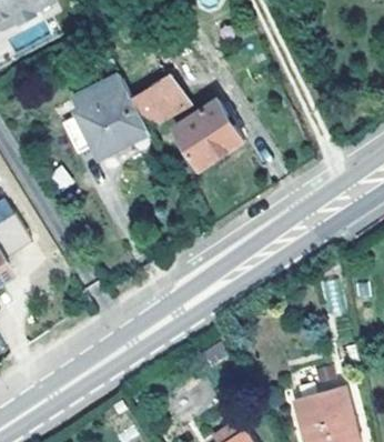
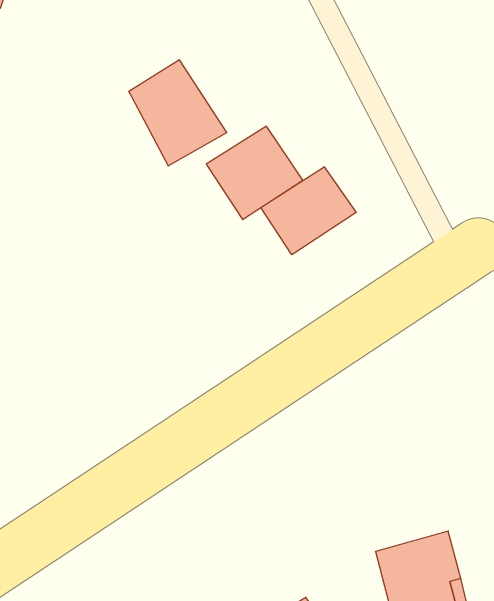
building: [73,73,150,153] -> none
building: none -> [261,167,356,255]

